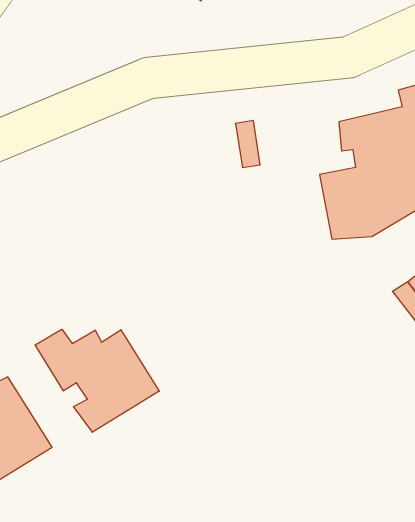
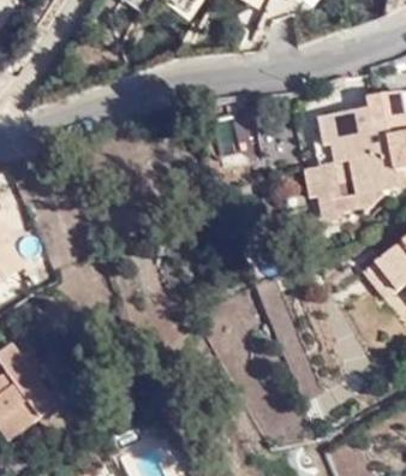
building: [35,329,159,432] -> none

